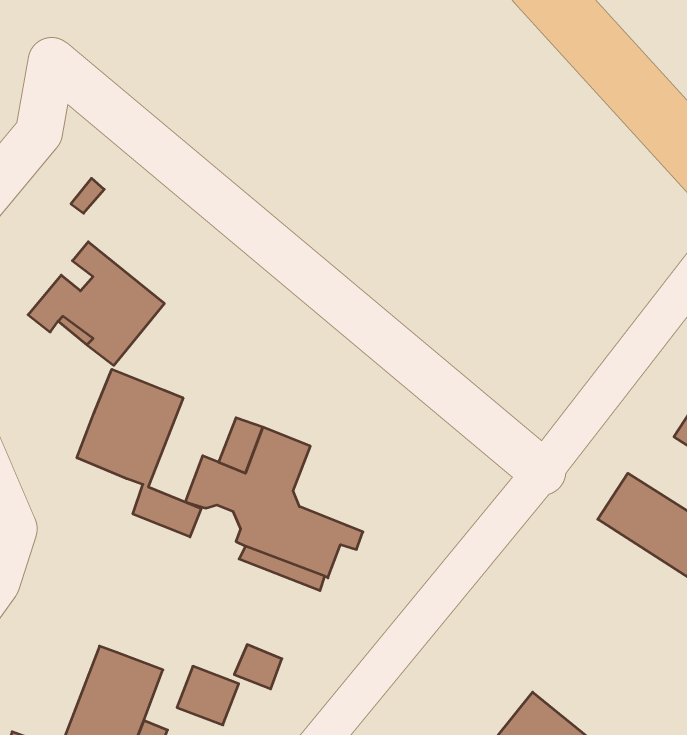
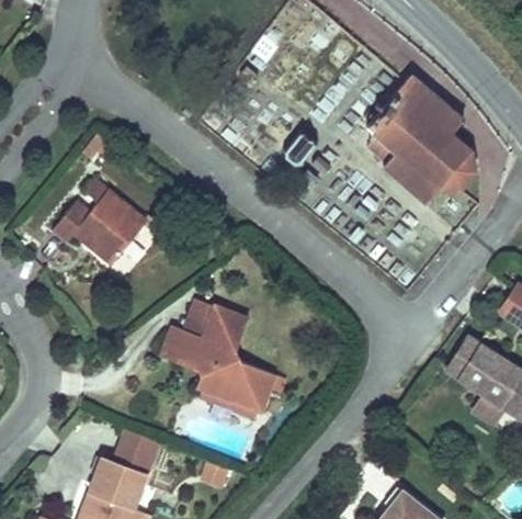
building: none -> [365,75,477,202]
building: [77,369,201,537] -> none
building: [177,666,239,725] -> [114,432,157,473]

